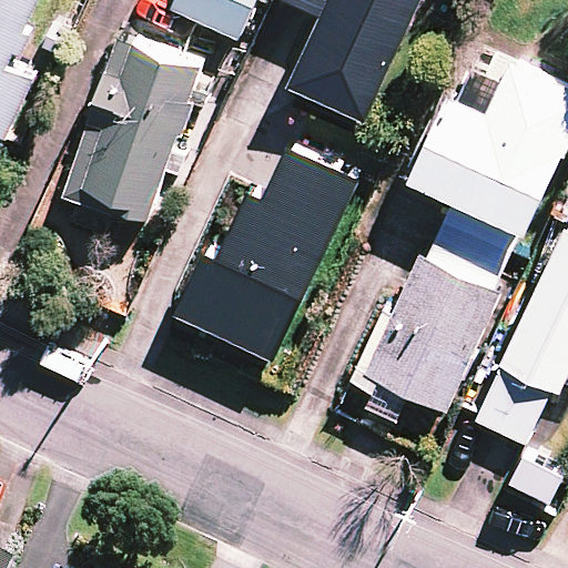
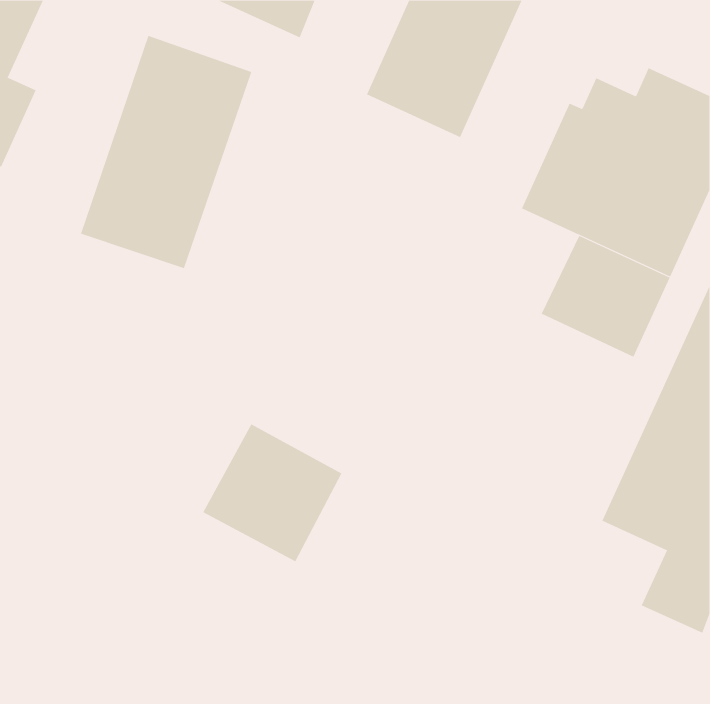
building: [180,140,359,351] -> none
building: [345,257,499,412] -> none
building: none -> [202,424,342,562]

